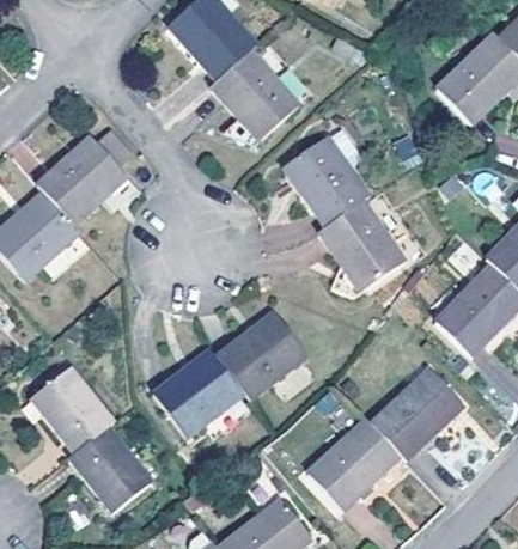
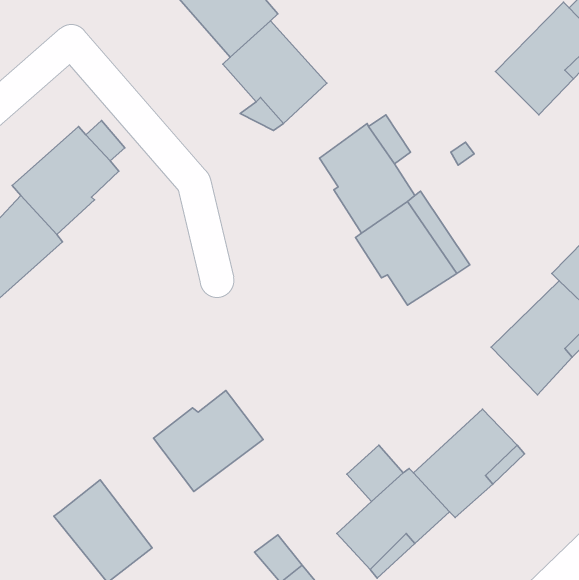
building: [218,317,306,401] -> none
building: [32,367,115,455] -> none

